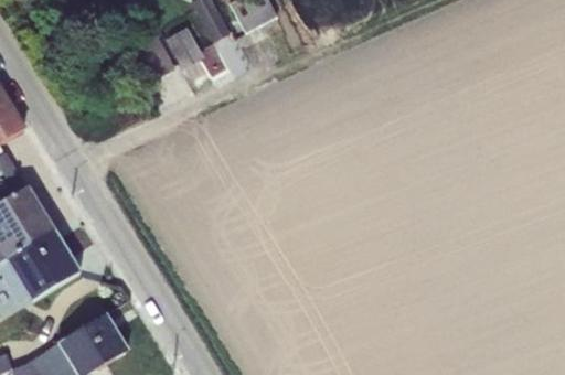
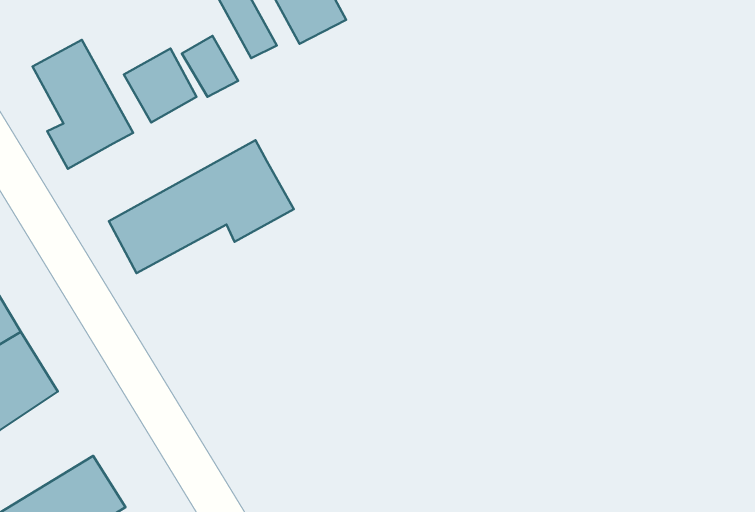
building: none -> [33,40,133,169]
building: none -> [109,140,294,273]

